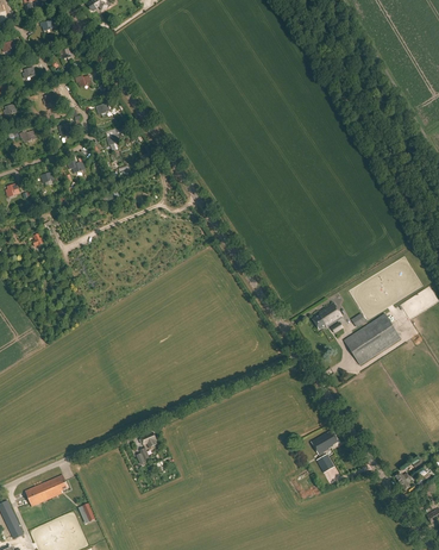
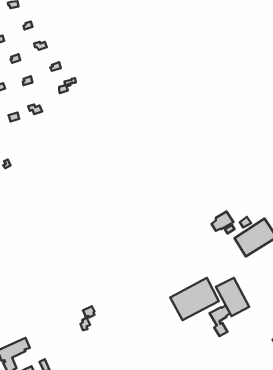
building: none -> [170,278,219,320]
building: none -> [216,278,249,316]

